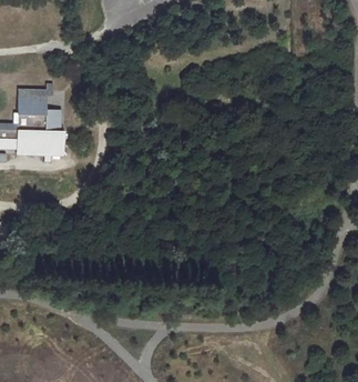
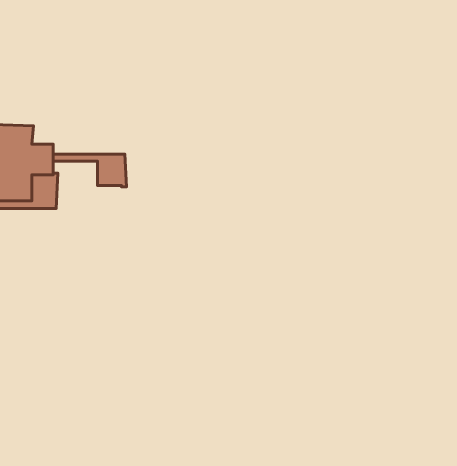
building: none -> [53,154,127,187]

